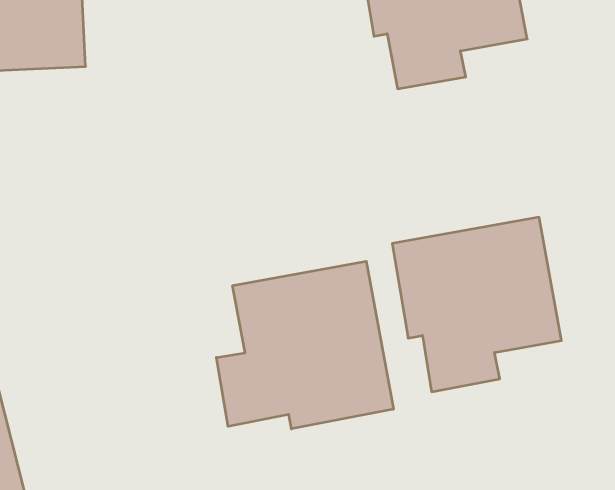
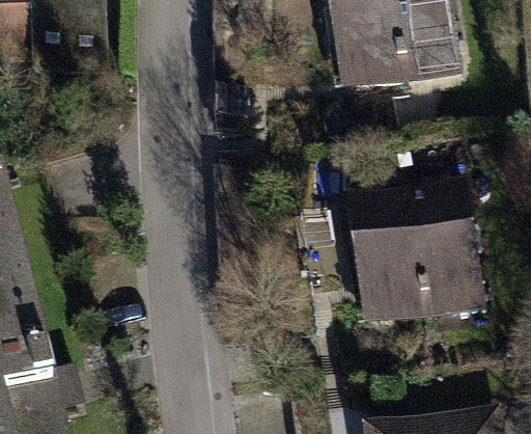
building: [216,261,393,429] -> none

